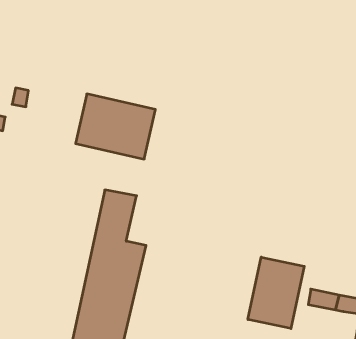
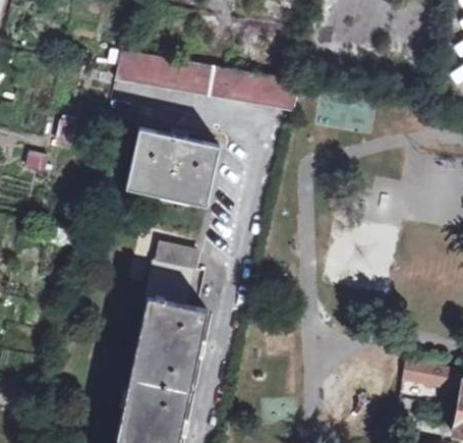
building: none -> [119,52,300,111]
building: [248,257,304,329] -> none

